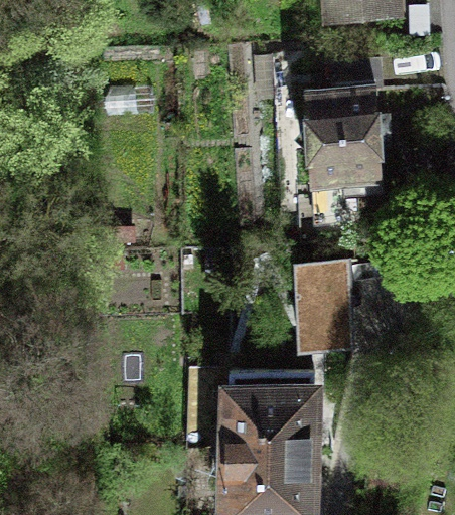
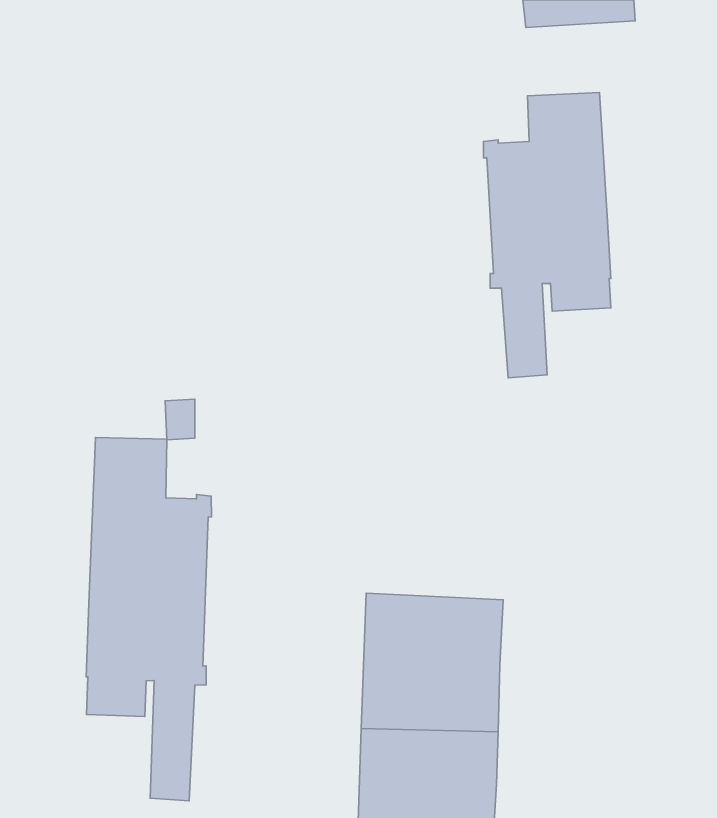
building: [305,260,356,339] -> none
building: none -> [86,438,211,801]

